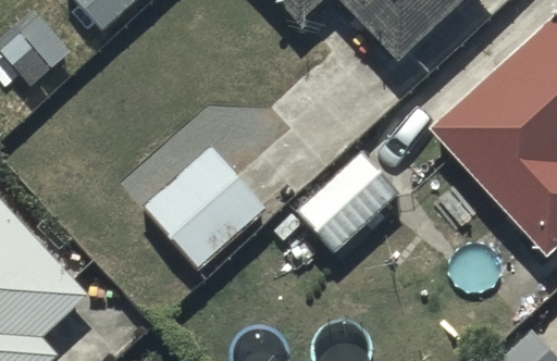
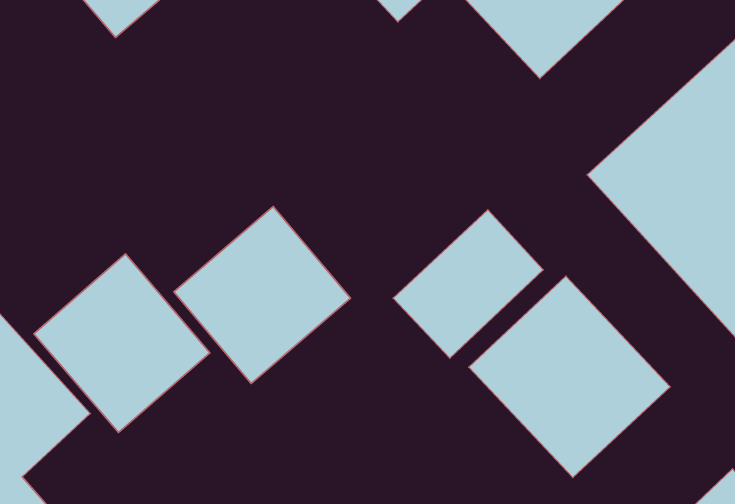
building: none -> [34,254,210,433]
building: none -> [469,276,670,478]

